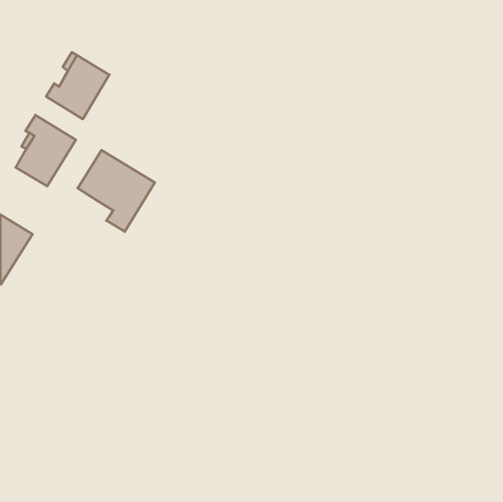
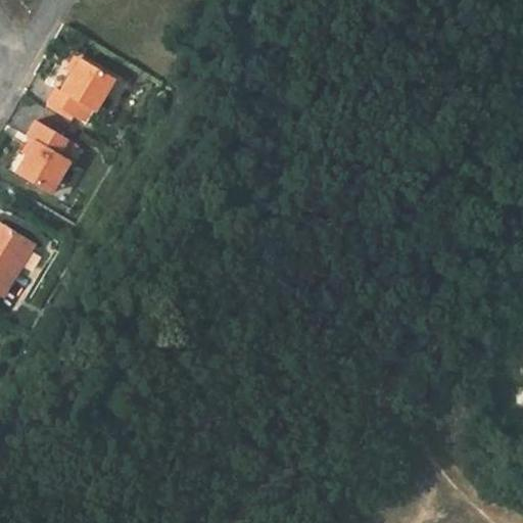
building: [78,150,155,232] -> none

